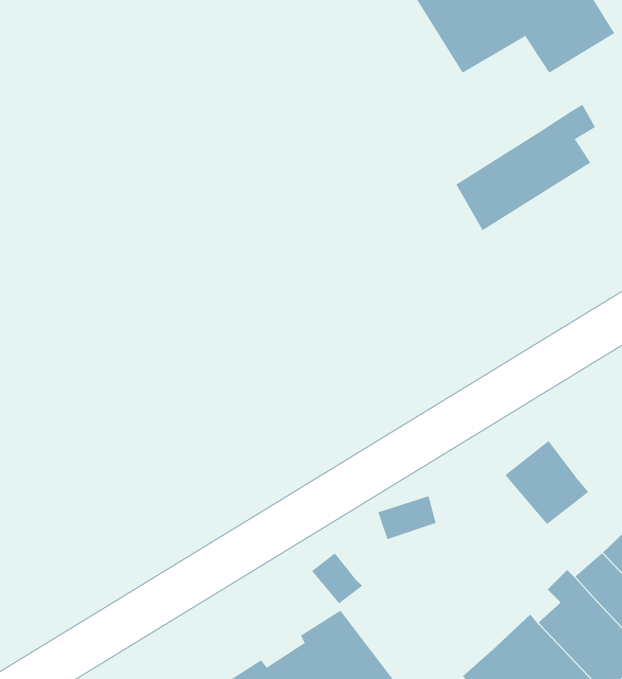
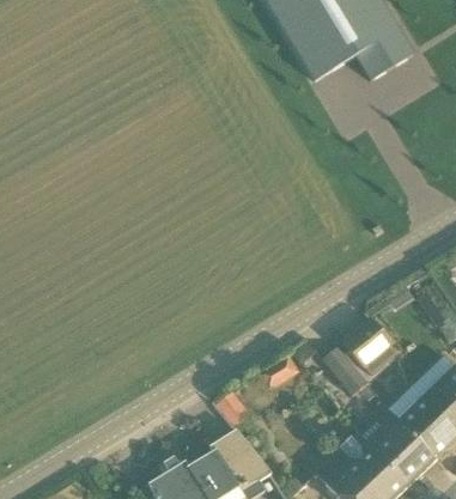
building: [455,104,596,231] -> none
building: none -> [322,345,367,394]

